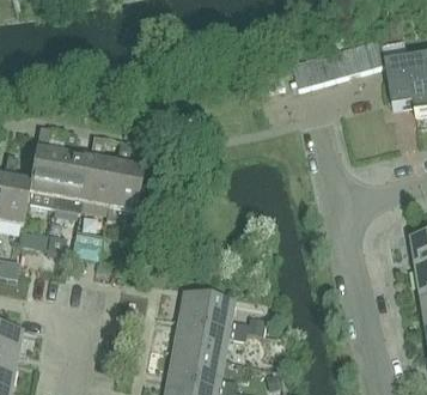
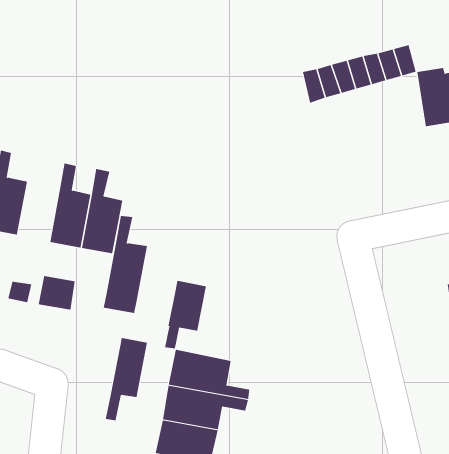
building: [53,132,90,213] -> [103,215,148,314]
building: none -> [165,280,207,349]
building: none -> [105,337,148,421]

